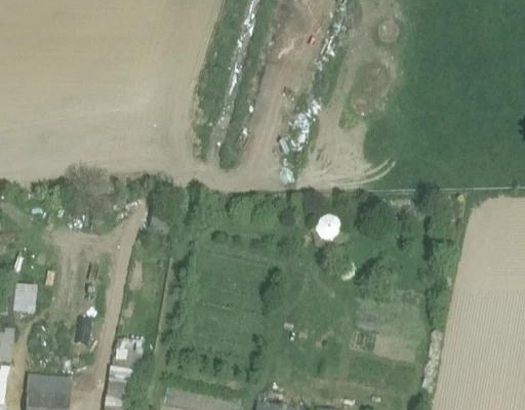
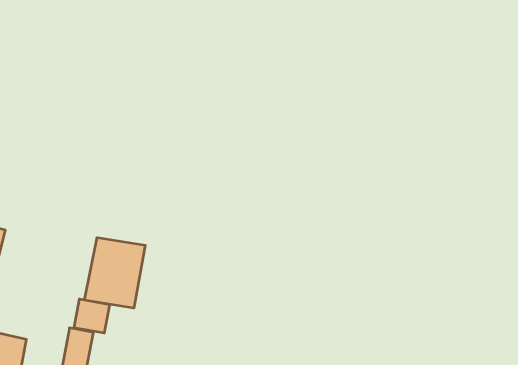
building: none -> [85,238,145,308]

